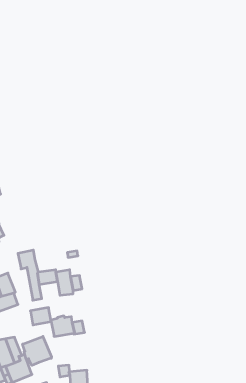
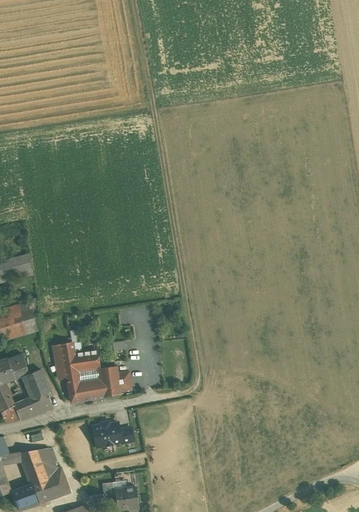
building: none -> [74,349,100,368]
building: [30,308,51,325] -> [79,379,104,400]
building: [23,336,52,365] -> none

